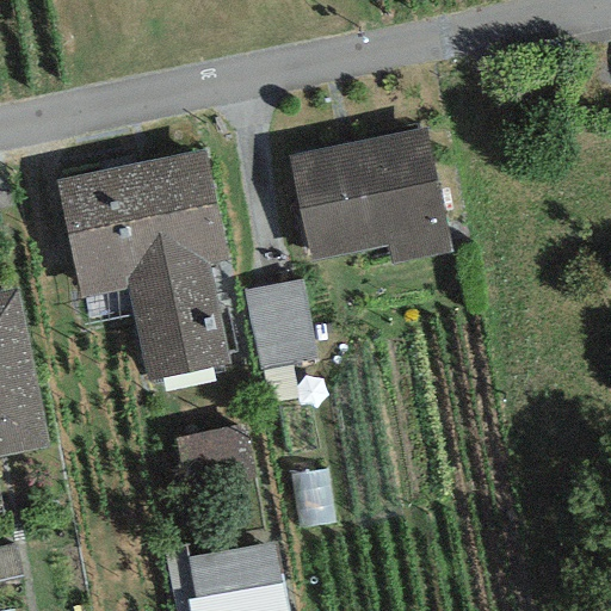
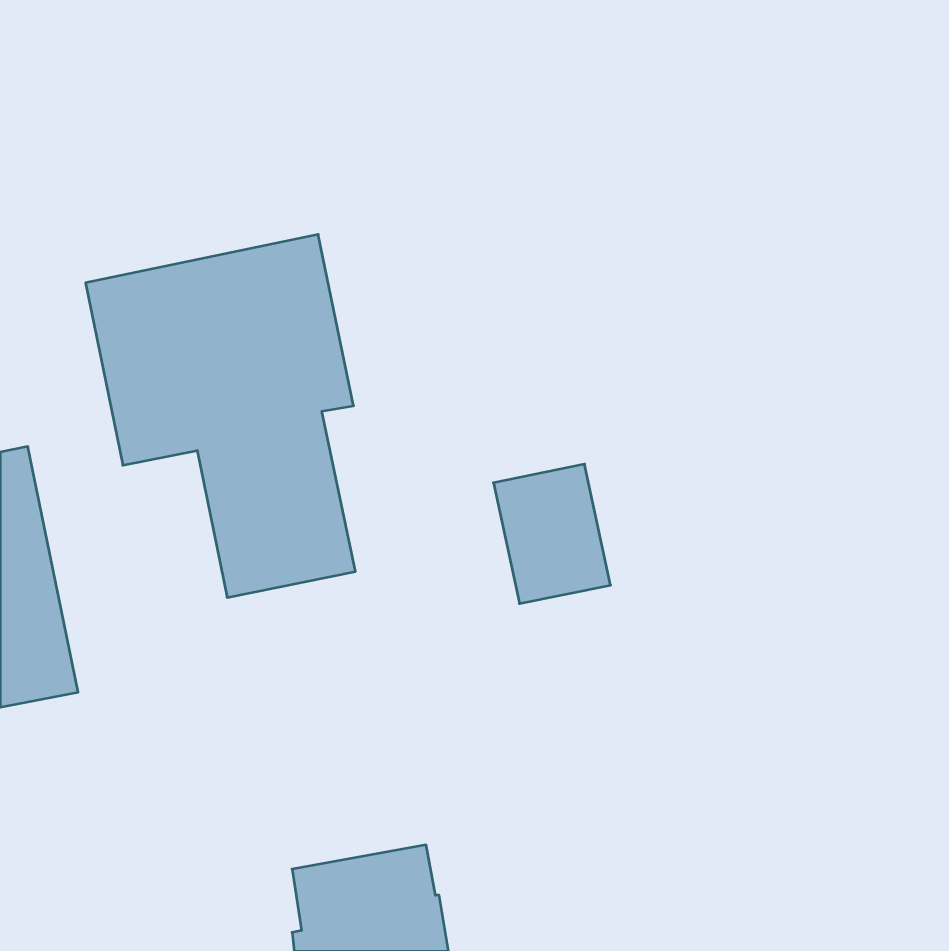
building: [288,126,452,265] -> none
building: [242,279,317,369] -> [493,464,611,604]

